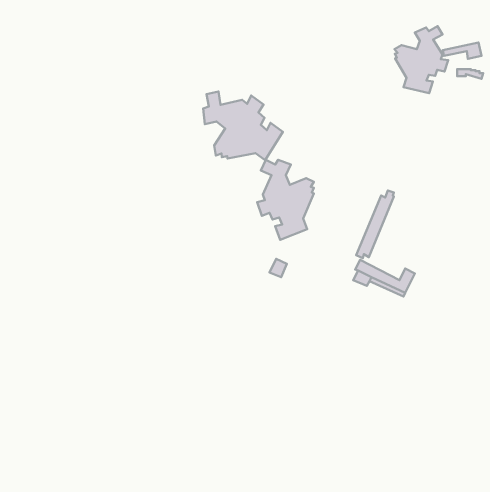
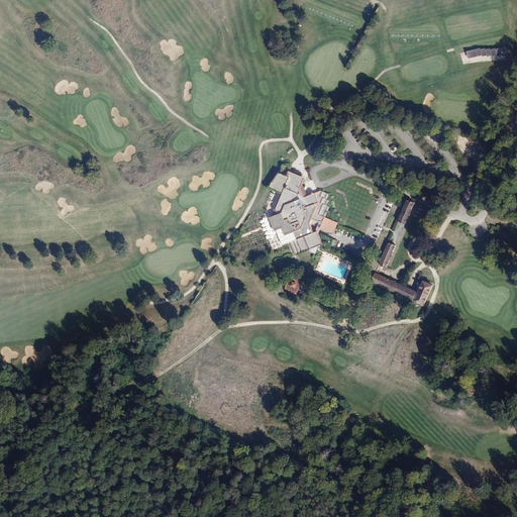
building: [394,26,448,93] -> none
building: [203,91,283,160] -> none

